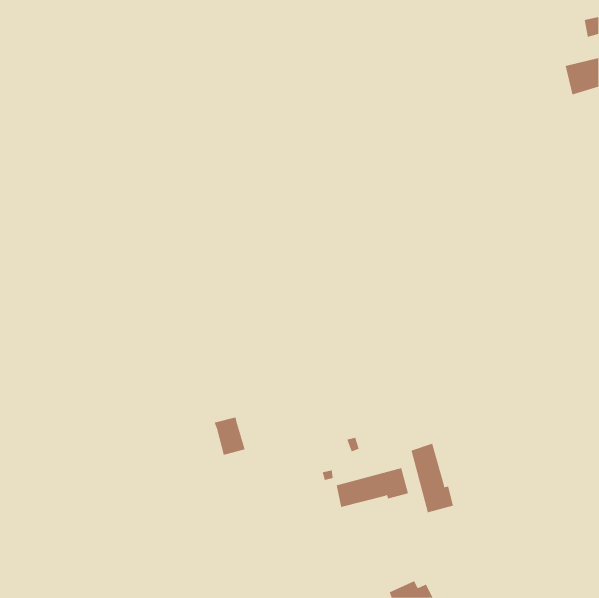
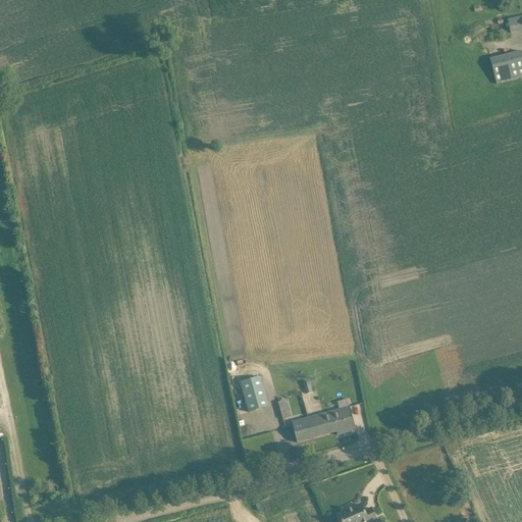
building: [214,417,246,455] -> [239,375,266,409]
building: [411,443,454,513] -> none

